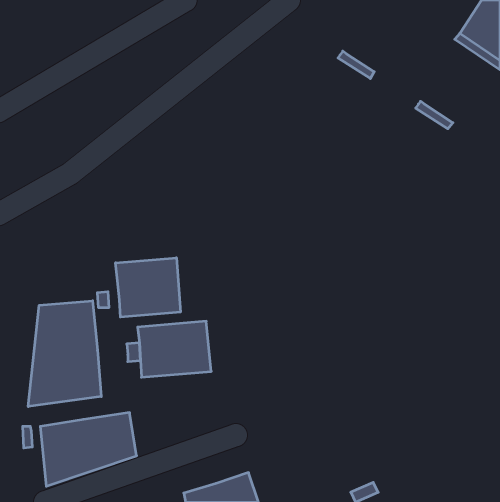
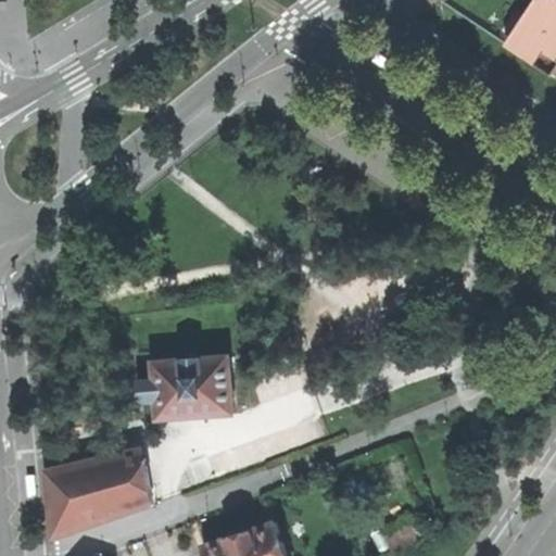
building: [116,258,180,317] -> none
building: [28,301,101,407] -> none

